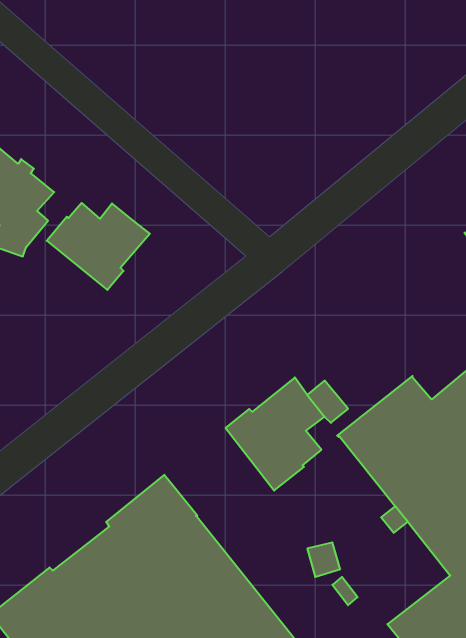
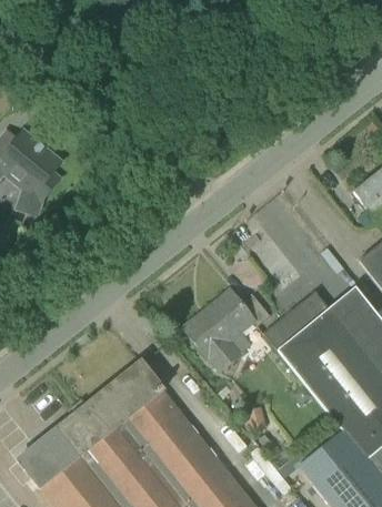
building: [47,203,150,290] -> none

